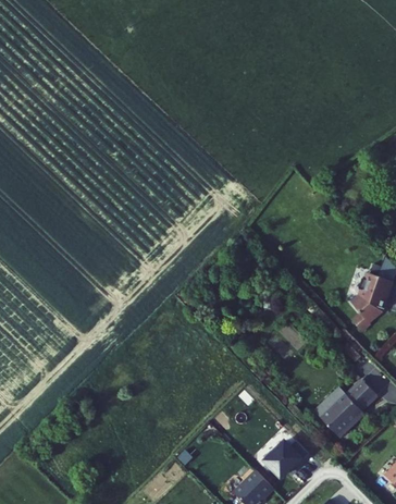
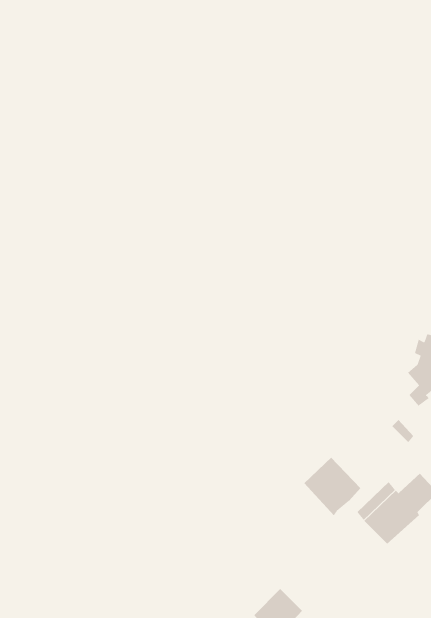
building: none -> [304,457,361,516]
building: [264,437,302,475] -> none

